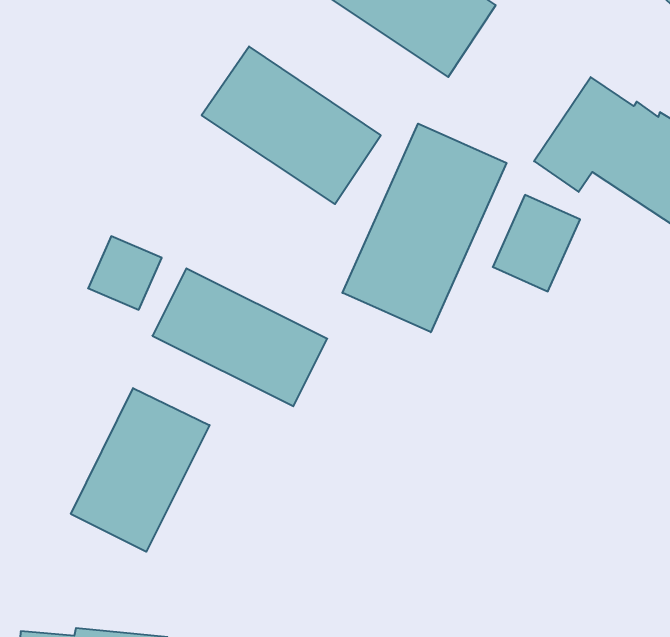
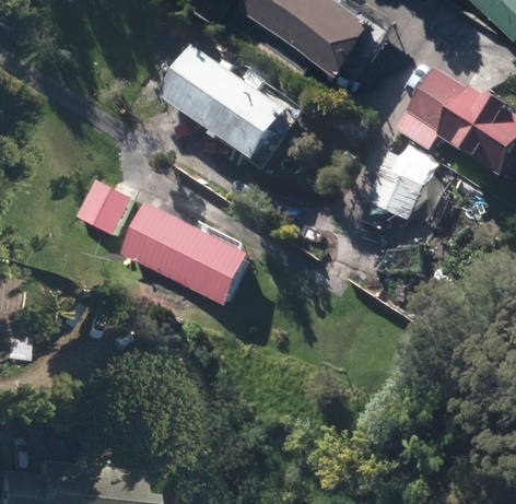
building: [342,124,507,332] -> none
building: [71,388,210,552] -> none

